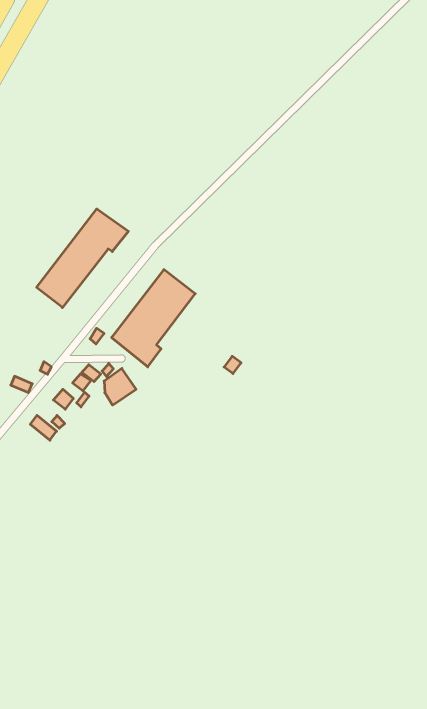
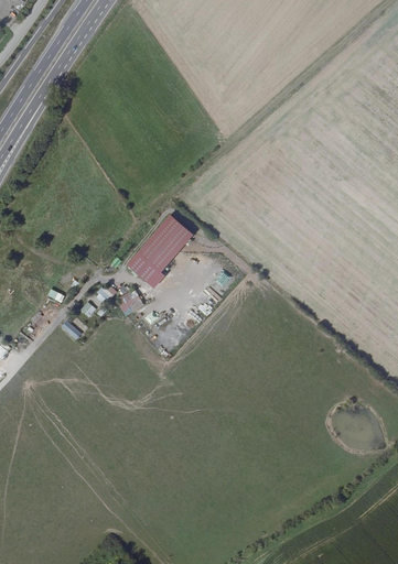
building: [37,209,128,308] -> none

